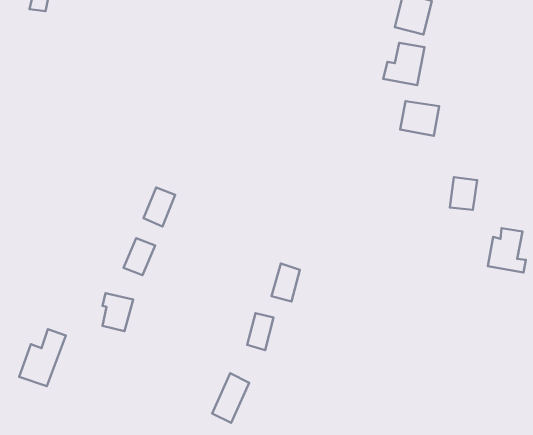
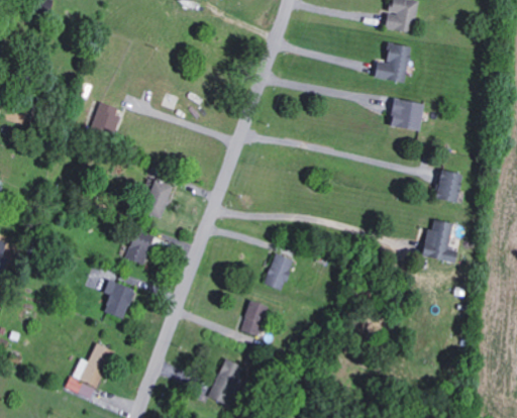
building: none -> [92,102,121,133]
building: [488,228,526,273] -> [421,220,457,263]
building: [19,329,66,386] -> [69,344,113,399]

